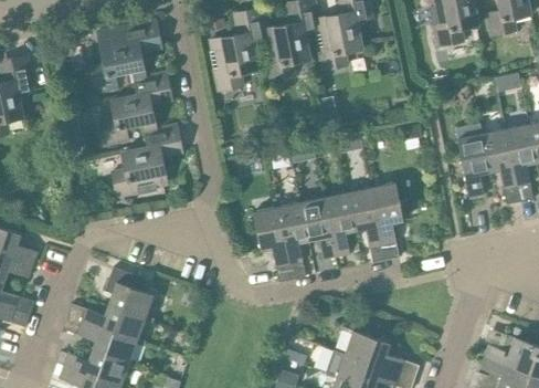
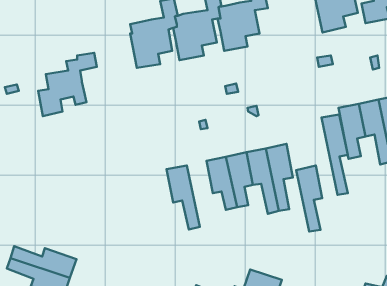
building: [89,20,159,95] -> none
building: [110,125,181,198] -> none
building: none -> [321,115,348,195]
building: [277,201,308,280] -> [296,166,322,232]
building: [105,266,154,318] -> none

